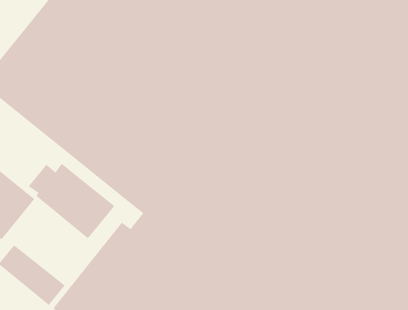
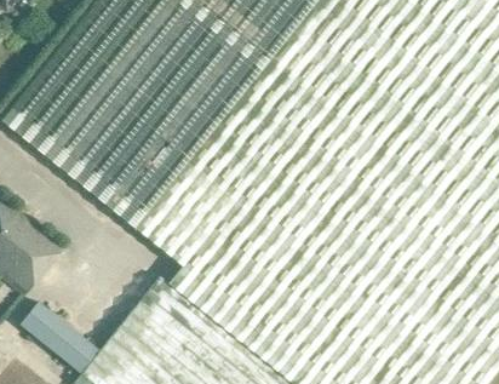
building: [28,163,115,239] -> none

